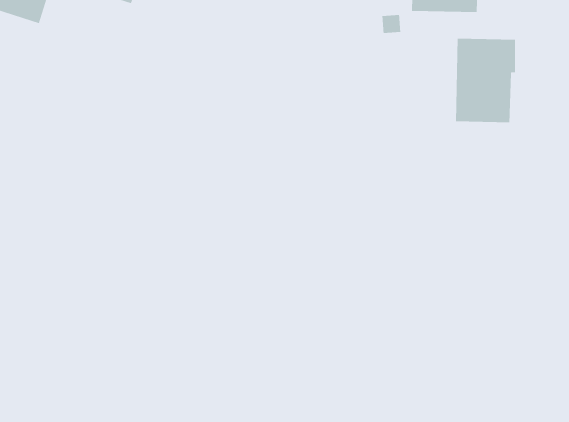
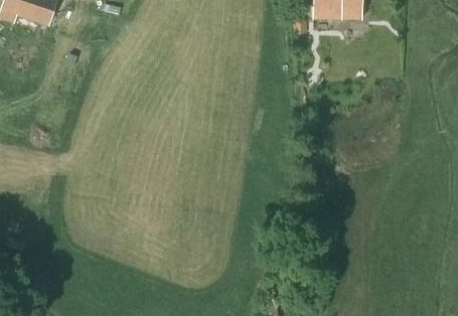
building: [455,38,516,123] -> none

